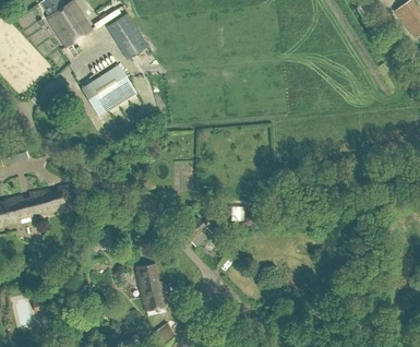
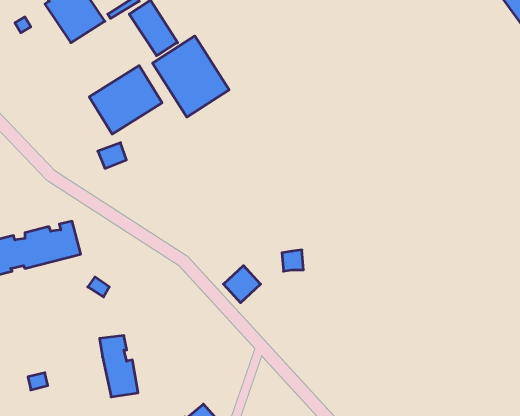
building: none -> [153,36,229,117]
building: [137,263,167,310] -> [100,336,138,397]

